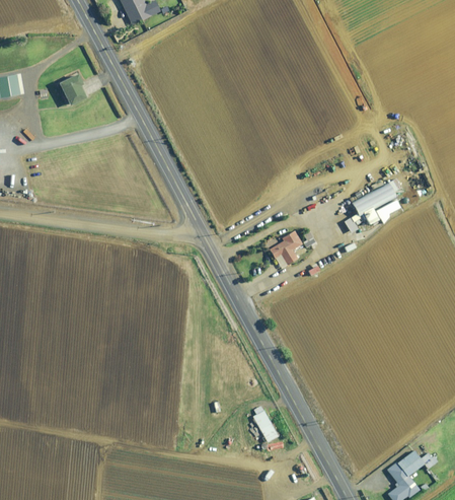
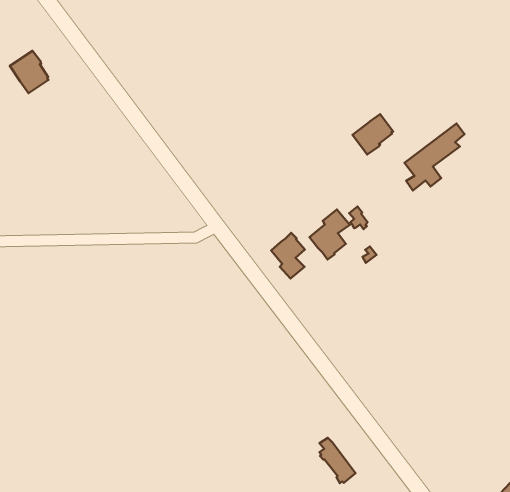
building: none -> [352,114,393,154]
building: none -> [271,233,305,279]

